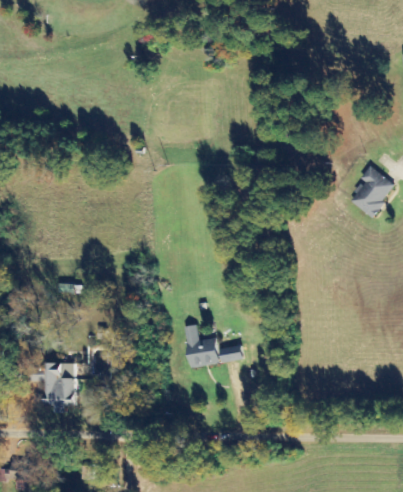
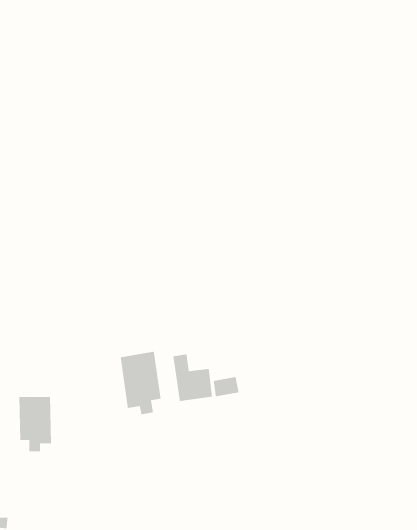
building: [350,165,395,216] -> none
building: none -> [120,351,162,415]

